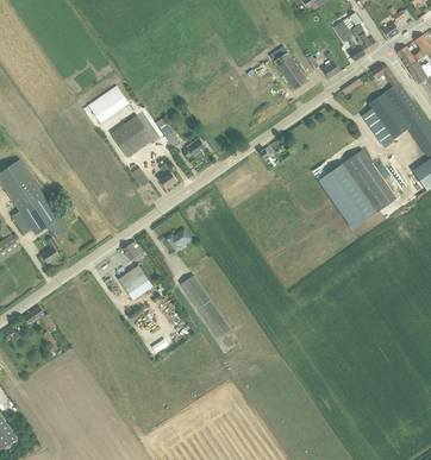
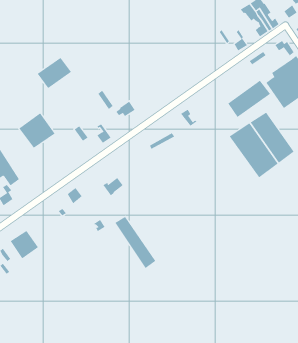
building: [273,51,307,89] -> none
building: none -> [227,80,271,118]
building: [110,114,154,157] -> [19,113,55,148]
building: [118,265,152,300] -> [10,230,39,259]

